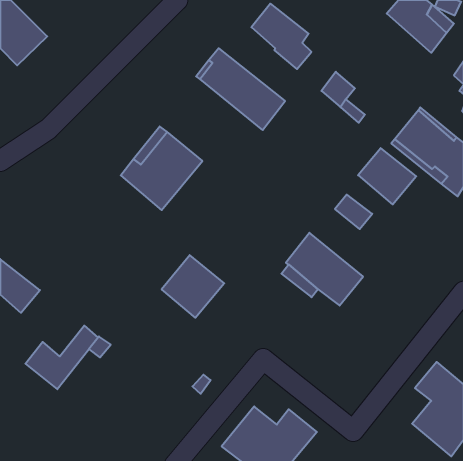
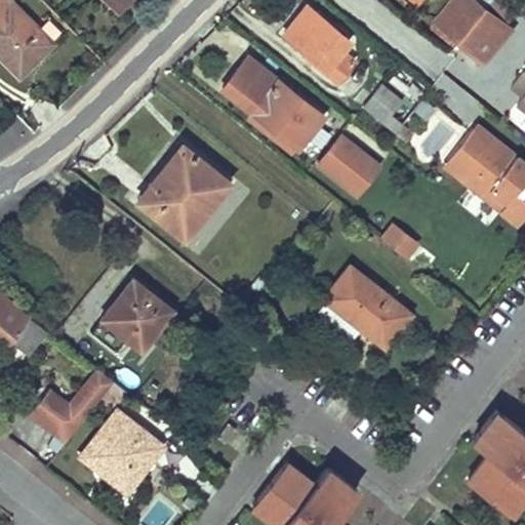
building: [358,148,416,204] -> [317,133,382,197]
building: [162,255,224,318] -> [102,280,172,351]
building: none -> [86,418,161,489]

